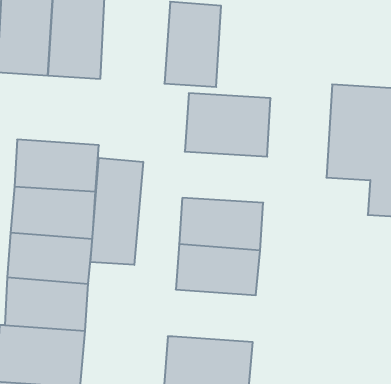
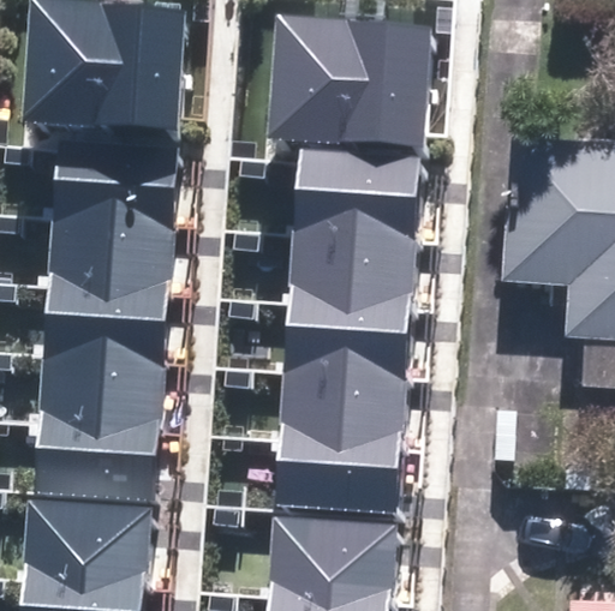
building: none -> [346,23,430,148]
building: none -> [50,134,178,229]
building: none -> [295,239,422,315]
building: [91,158,143,265] -> none
building: none -> [281,443,405,521]

